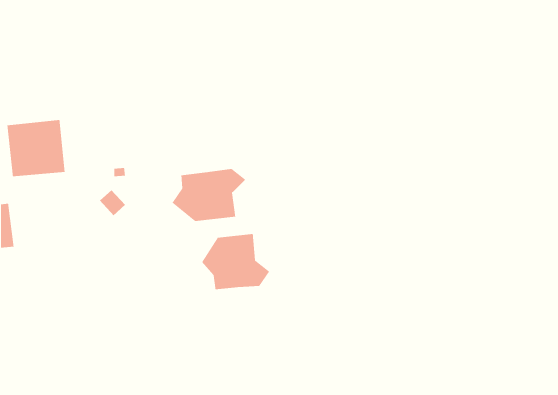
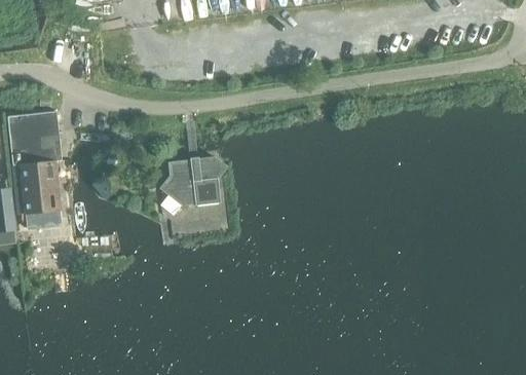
building: none -> [18,162,61,216]
building: [201,233,270,290] -> none

